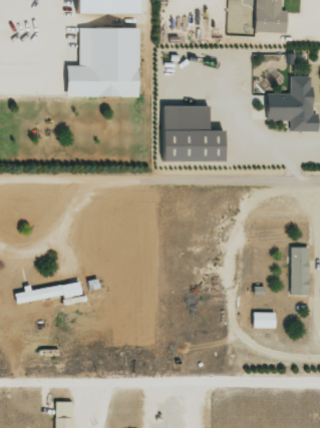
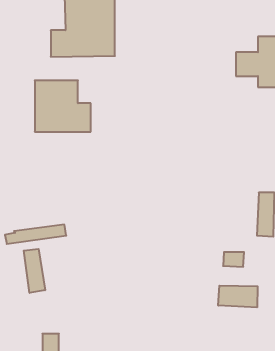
building: [164,104,225,160] -> [35,80,91,132]
building: none -> [24,249,45,293]
building: none -> [218,286,258,307]

